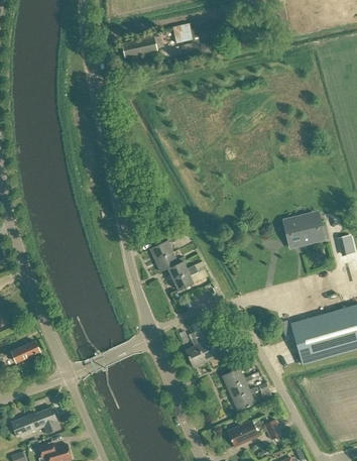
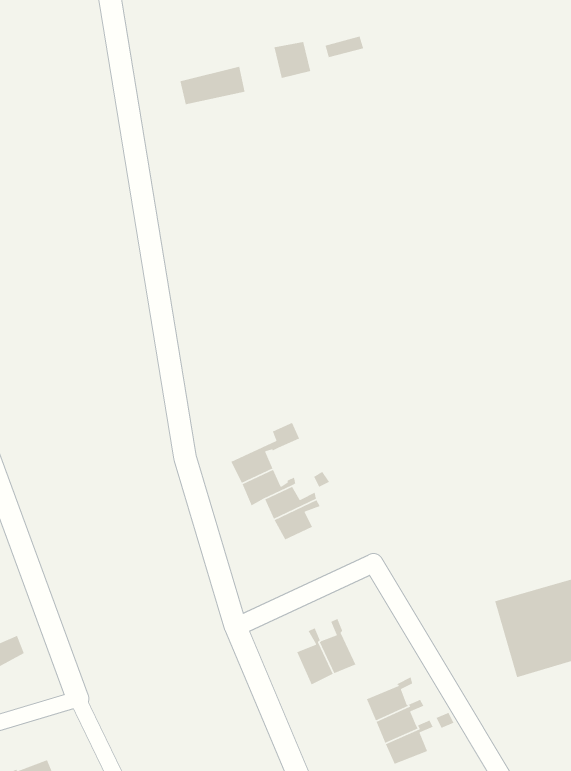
building: [283,213,326,248] -> none

